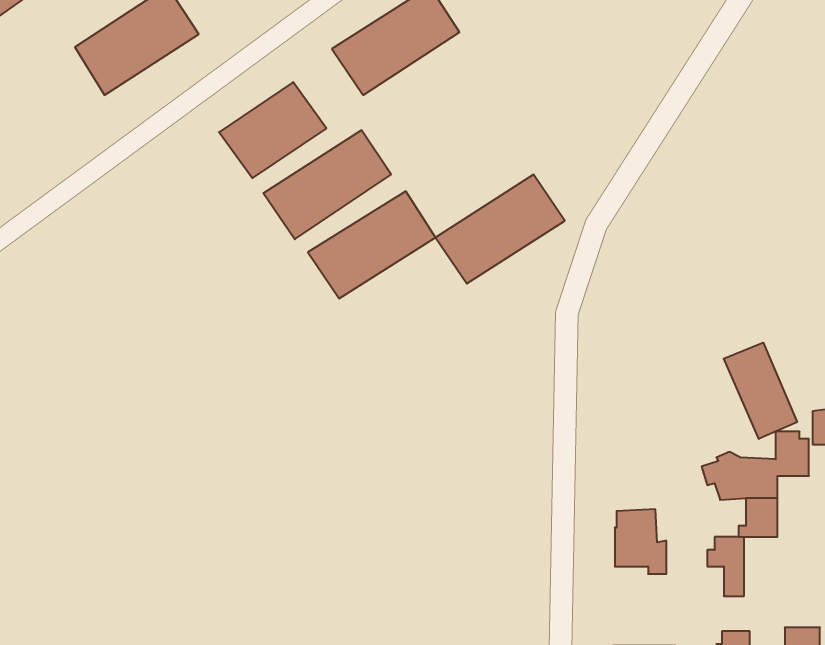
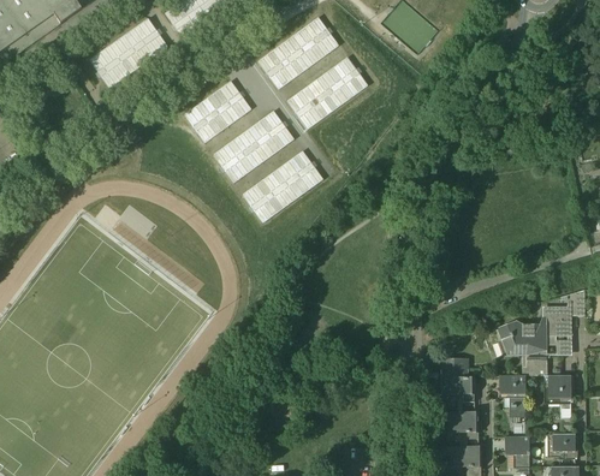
building: [435,175,565,284] -> [285,56,369,127]
building: [724,343,797,439] -> none
building: none -> [542,375,570,399]
building: none -> [439,411,477,439]

